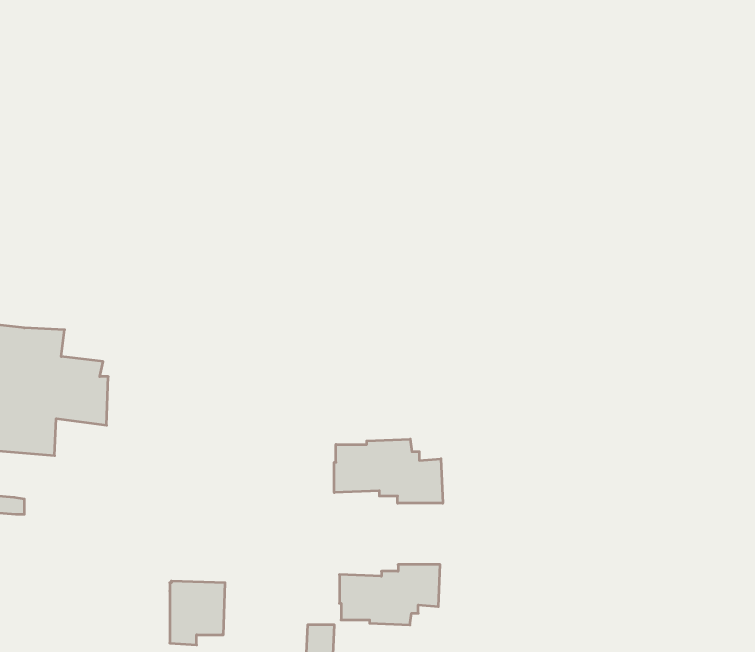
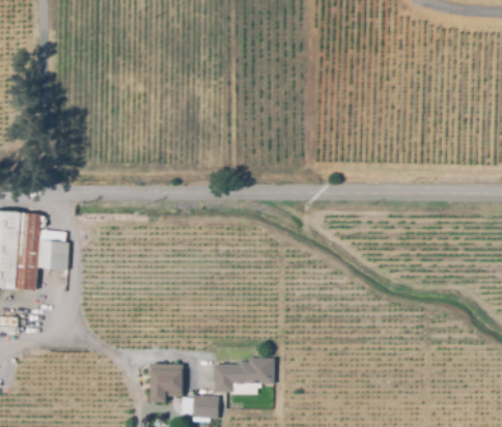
building: [334,439,443,503] -> none
building: [170,581,225,645] -> [148,363,183,402]

